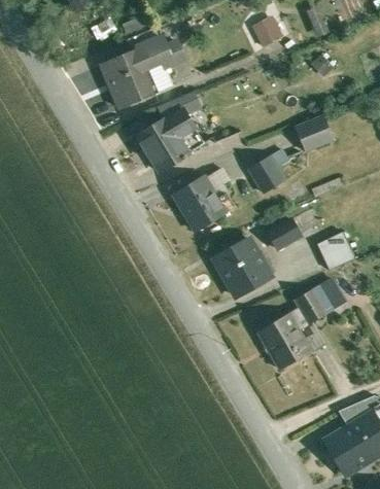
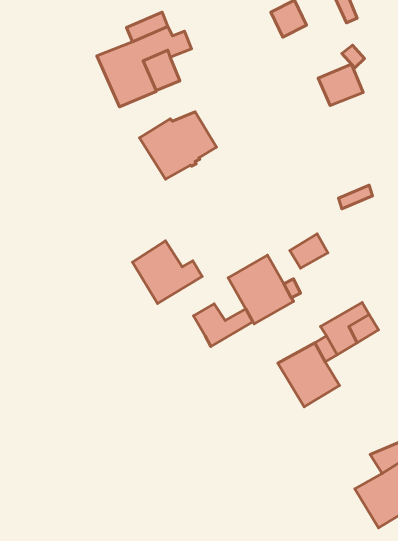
building: [159,92,200,121] -> none
building: [295,114,334,150] -> [318,64,363,106]
building: [249,149,288,194] -> none
building: [174,176,235,231] -> [132,241,202,304]
building: [317,232,355,271] -> none
building: none -> [193,304,253,346]

